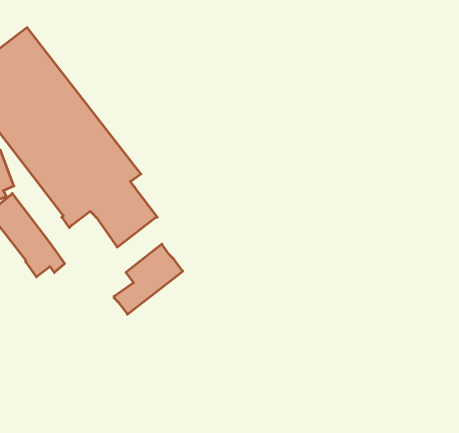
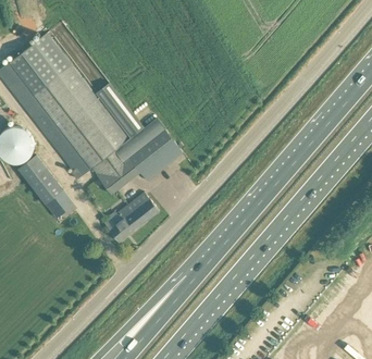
building: none -> [96,83,182,180]

